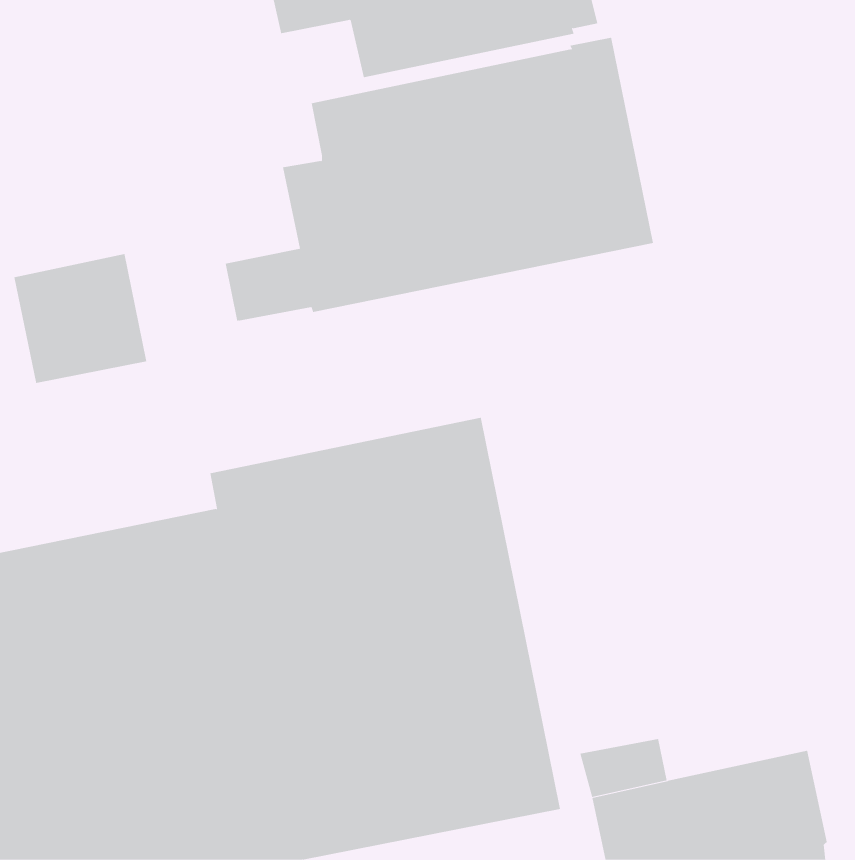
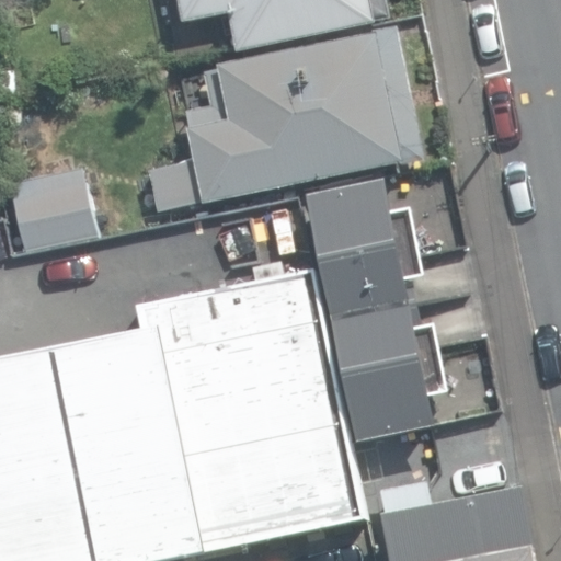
building: none -> [306,180,438,440]

